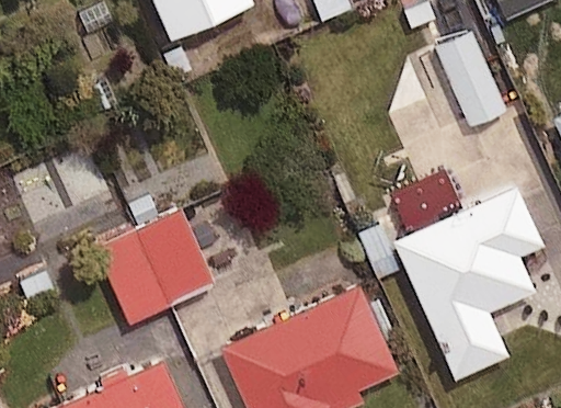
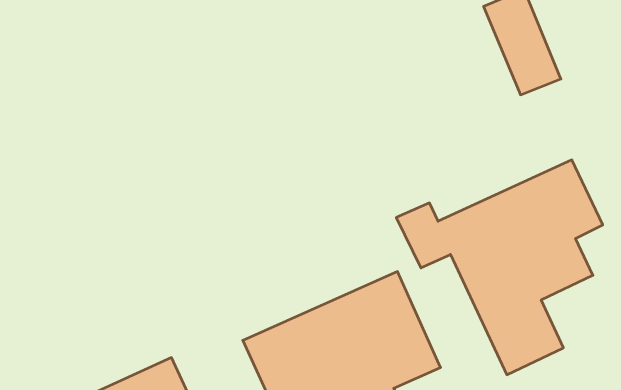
building: [98,215,215,330] -> none

